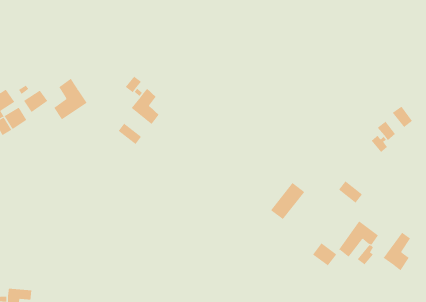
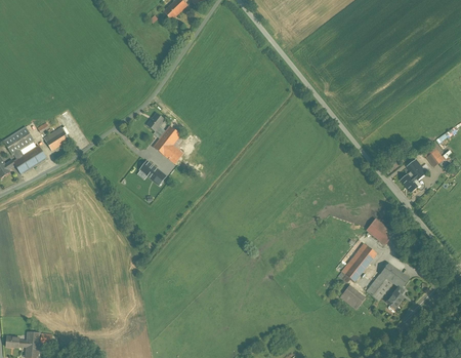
building: [54,78,87,120] -> none
building: [270,182,305,220] -> [340,242,376,281]
building: [383,232,411,271] -> none

